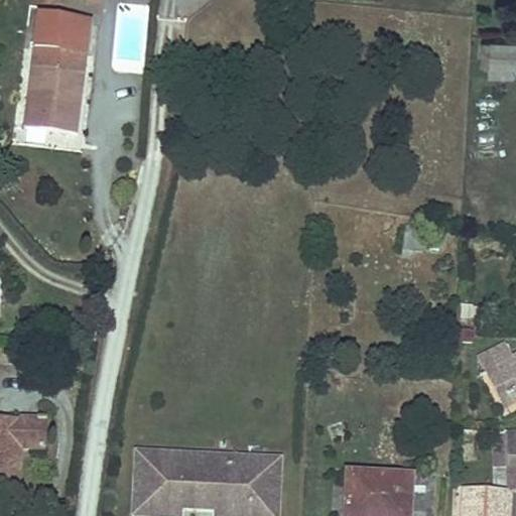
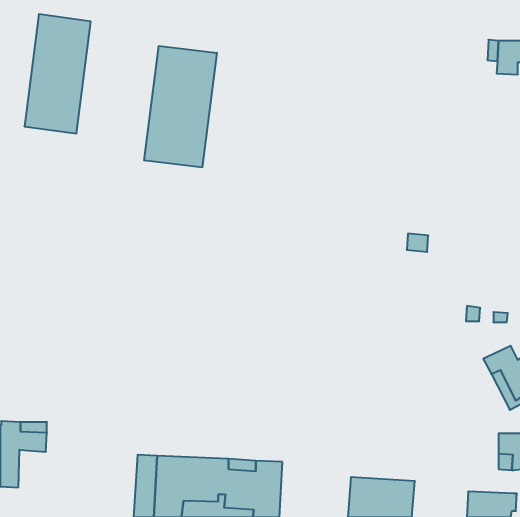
building: none -> [144,46,217,167]

